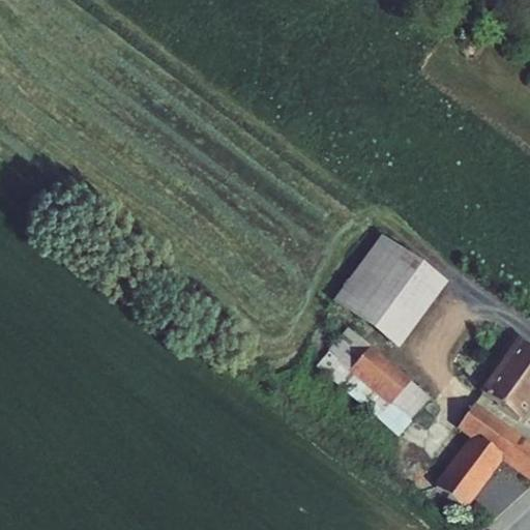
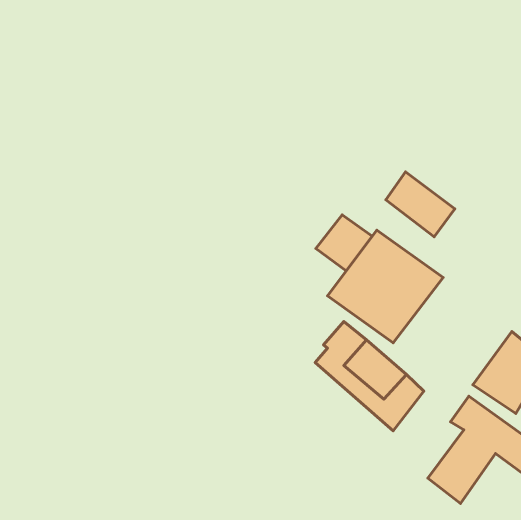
building: none -> [386,172,455,237]
building: none -> [316,215,372,271]

